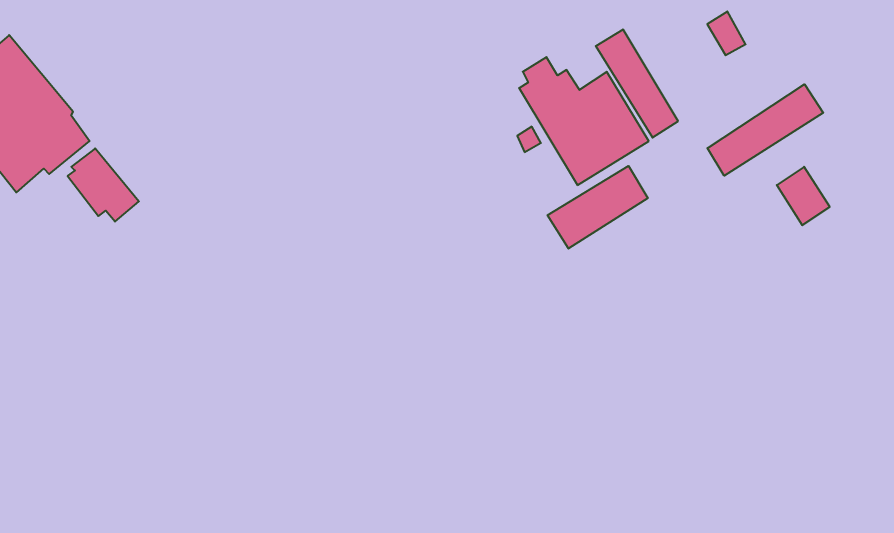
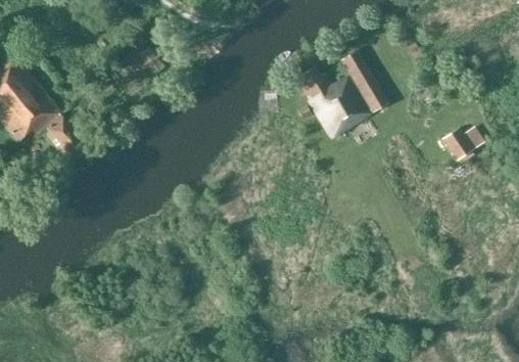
building: [707,84,823,176] -> none
building: [548,166,648,249] -> none

